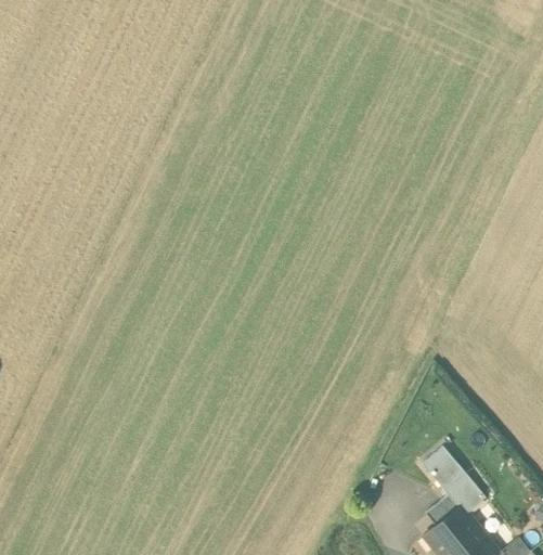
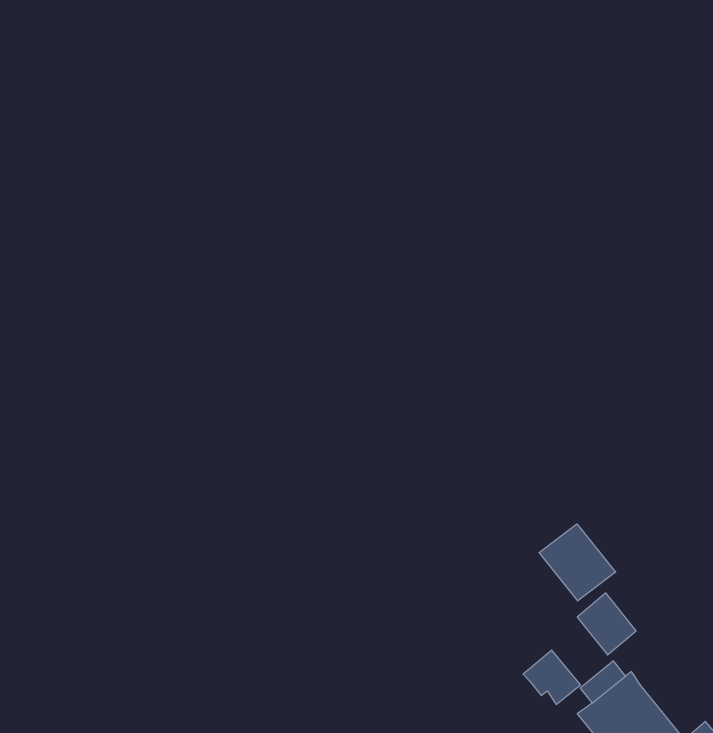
building: none -> [539,524,616,601]
building: [445,475,487,514] -> [523,650,580,705]

